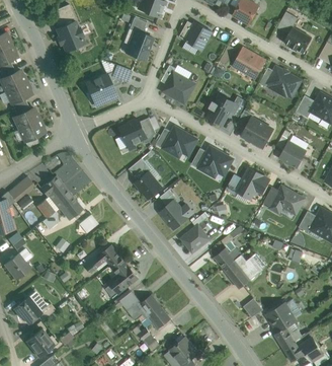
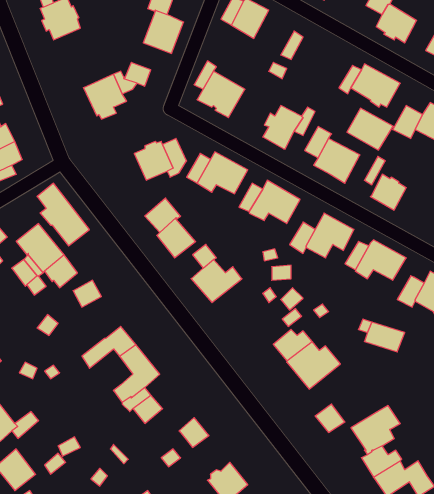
building: [234,49,265,77] -> [347,108,393,150]
building: [179,224,210,254] -> none
building: [128,295,161,321] -> none

